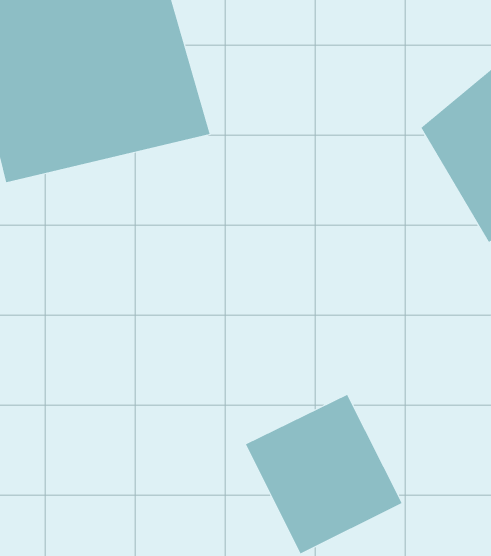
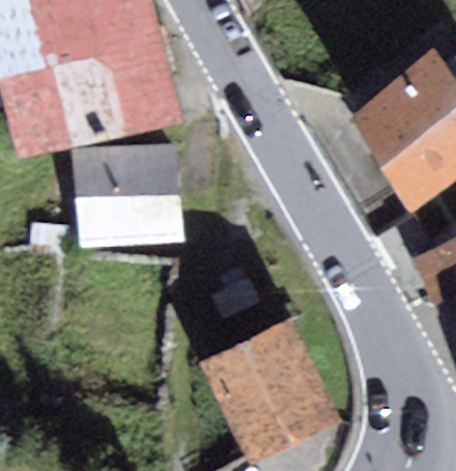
building: none -> [72,142,184,253]

